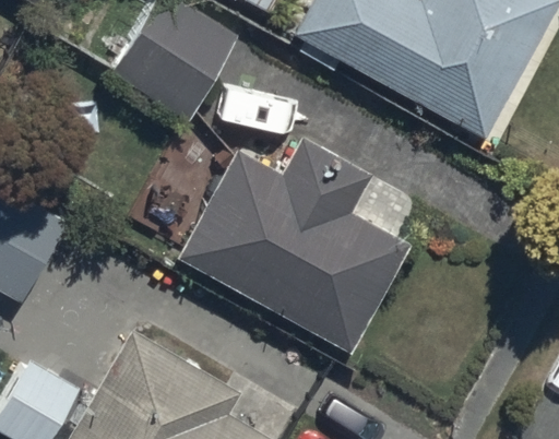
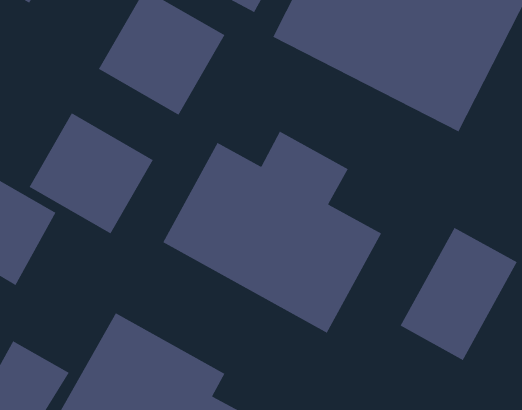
building: none -> [29,112,154,235]
building: none -> [400,227,518,361]

